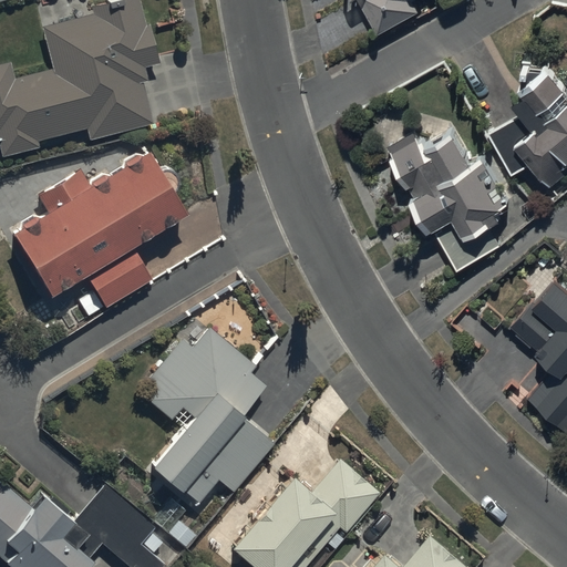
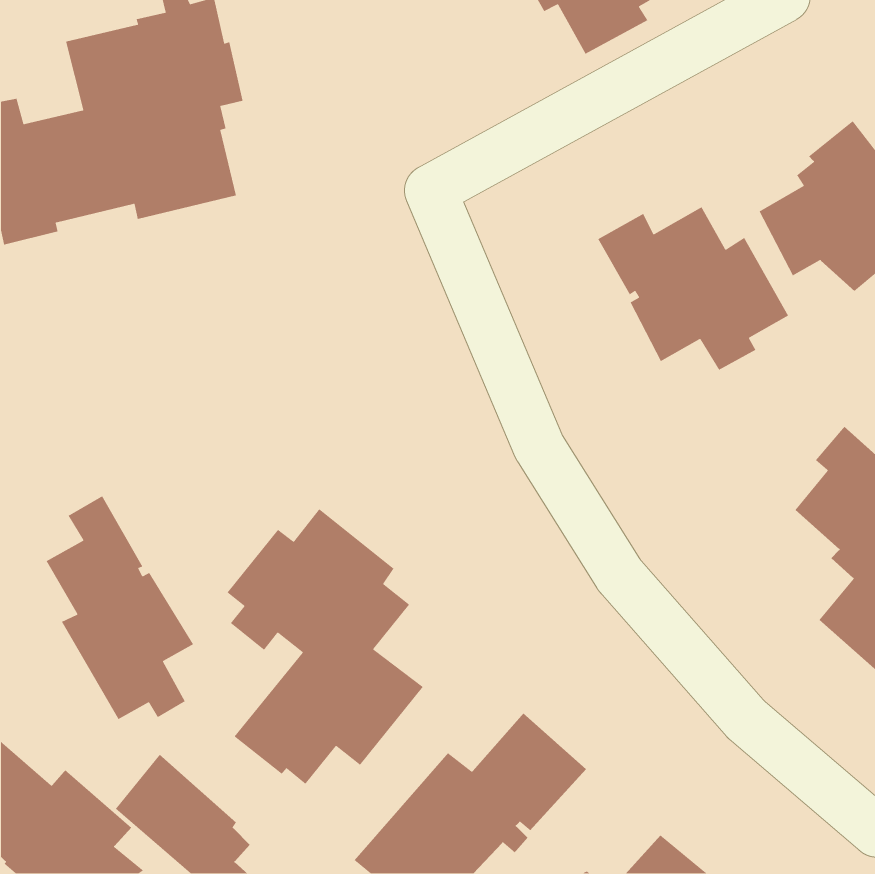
building: [9,148,184,305] -> none
building: none -> [45,495,194,720]

